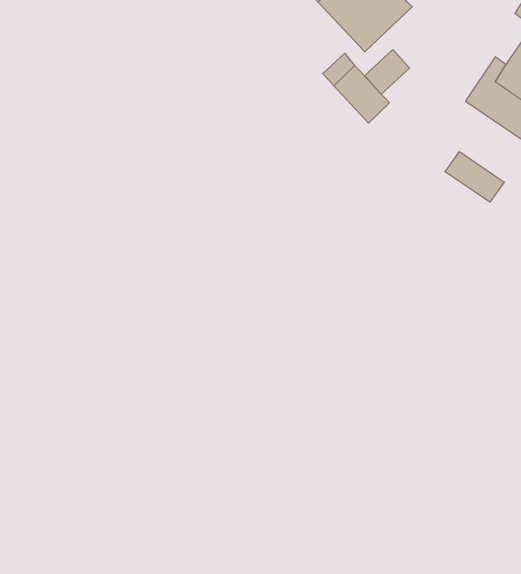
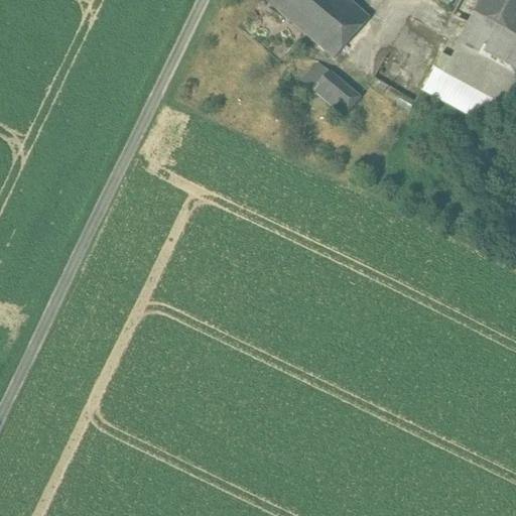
building: [365,50,409,94] -> none
building: [445,152,504,202] -> none

